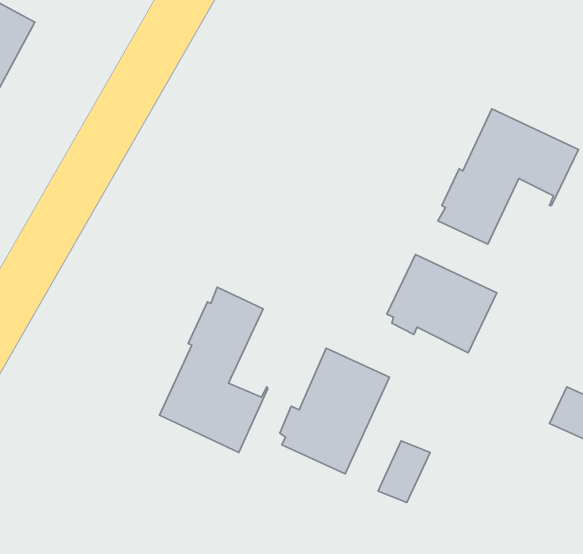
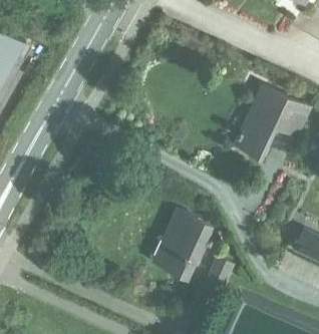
building: [387,254,497,353] -> none
building: [159,287,268,452] -> none

